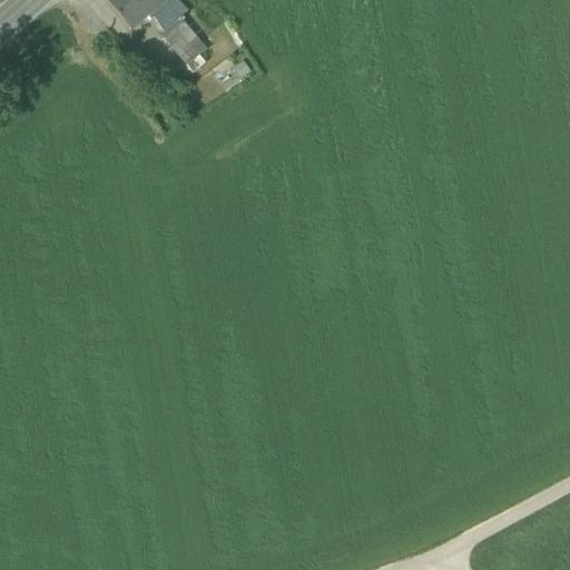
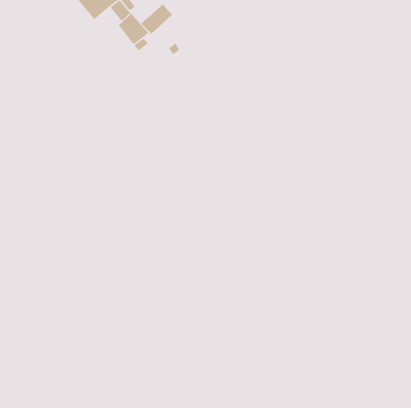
building: none -> [141,4,173,34]

